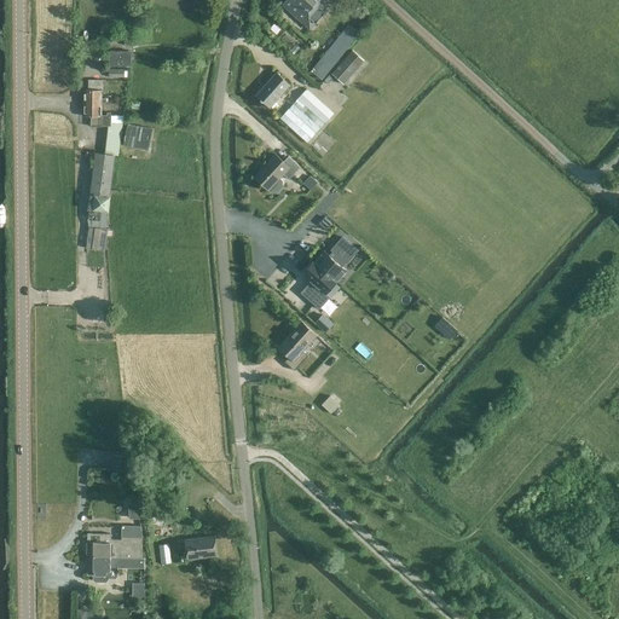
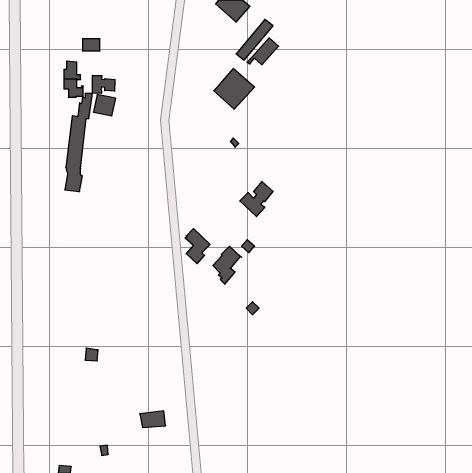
building: [255,73,289,108] -> none
building: none -> [93,75,115,93]
building: [253,155,300,193] -> none
building: [302,262,335,308] -> [185,229,210,264]
building: [86,526,144,575] -> none

